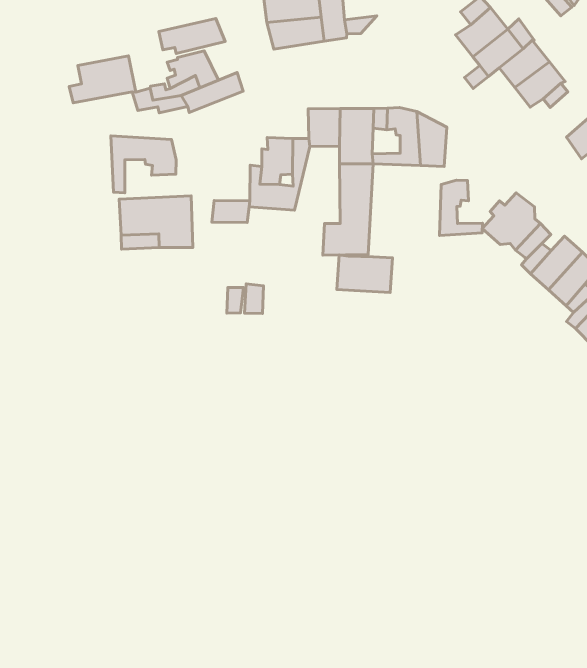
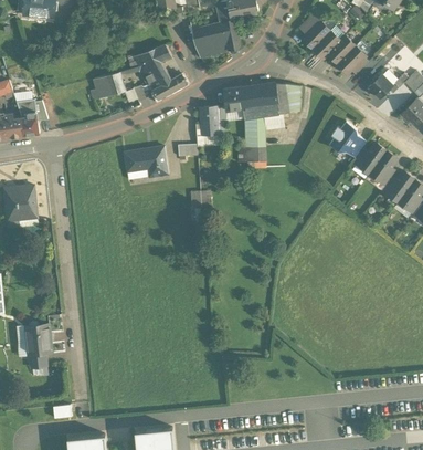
building: [111,136,176,193] -> none
building: [439,180,483,235] -> none
building: [337,255,392,292] -> none

